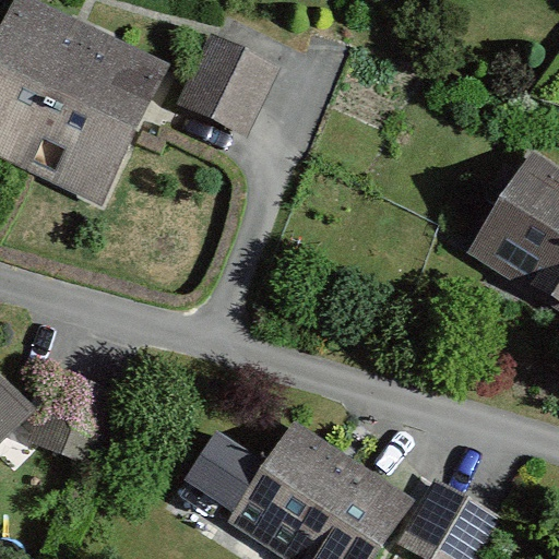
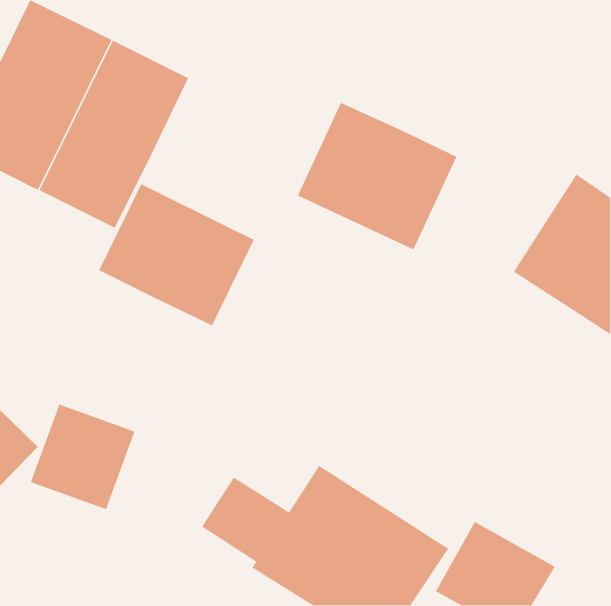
building: [177,33,278,134] -> none
building: none -> [297,102,457,251]
building: none -> [98,183,255,326]

